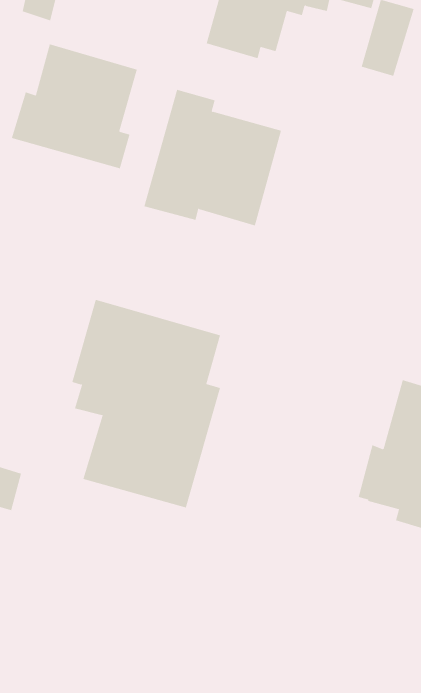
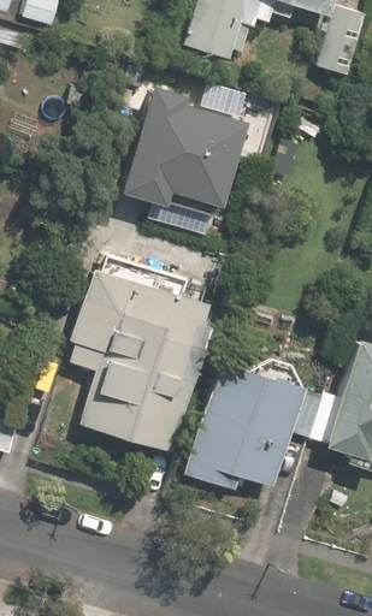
building: [11,44,138,169] -> none
building: none -> [188,363,327,488]

